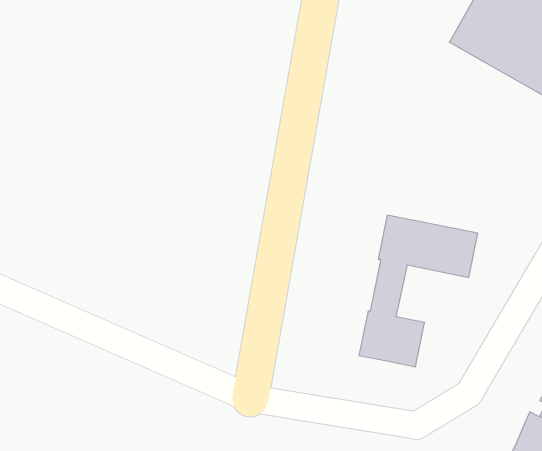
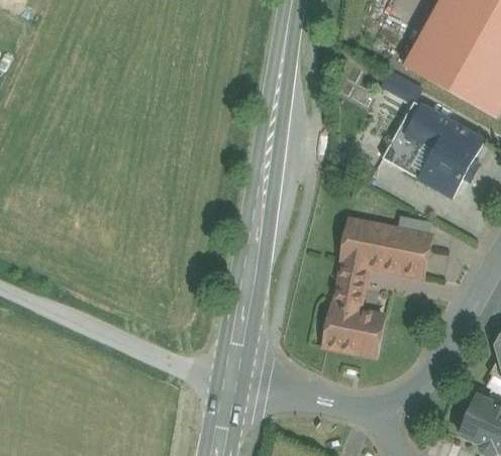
building: none -> [384,100,485,196]

